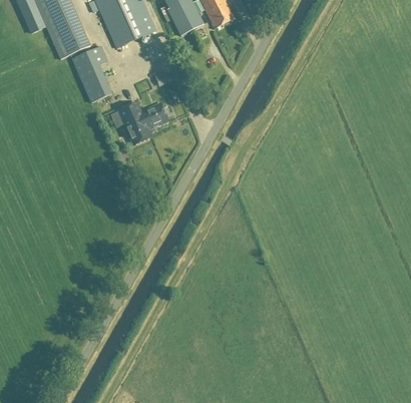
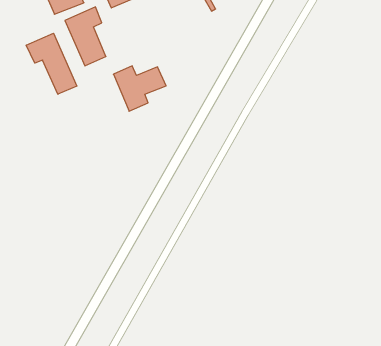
building: none -> [26,33,77,94]

